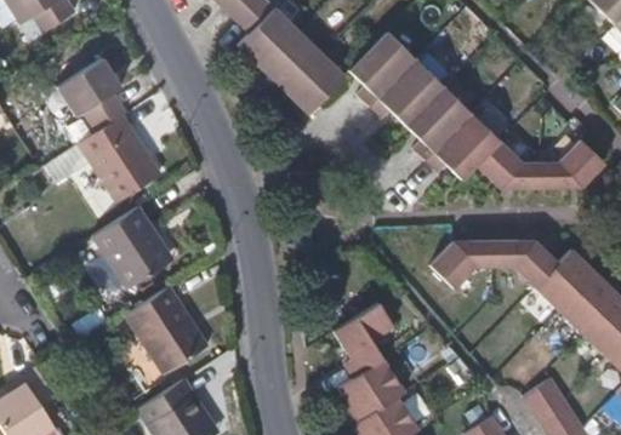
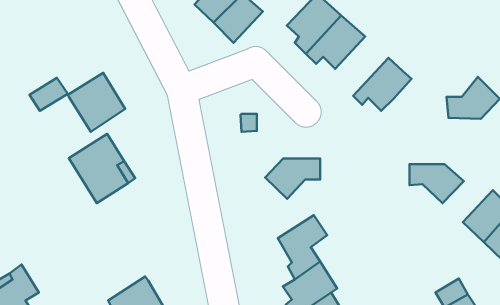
building: [56,56,125,131] -> none
building: [287,58,347,119] -> none
building: [410,88,474,160] -> none
building: [480,139,547,187] -> none
building: [433,242,500,291] -> [265,159,320,199]
building: [540,252,600,313] -> none
building: [121,287,200,373] -> none

